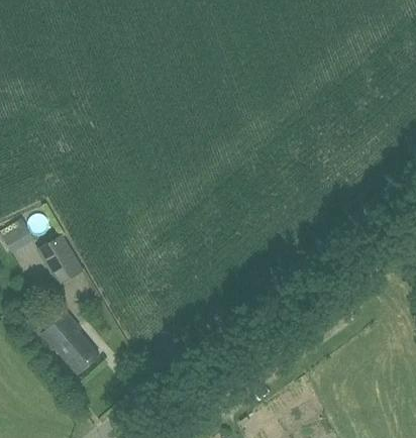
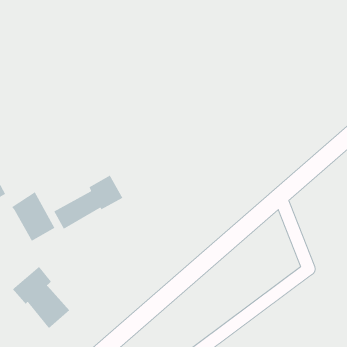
building: none -> [53,174,124,230]

